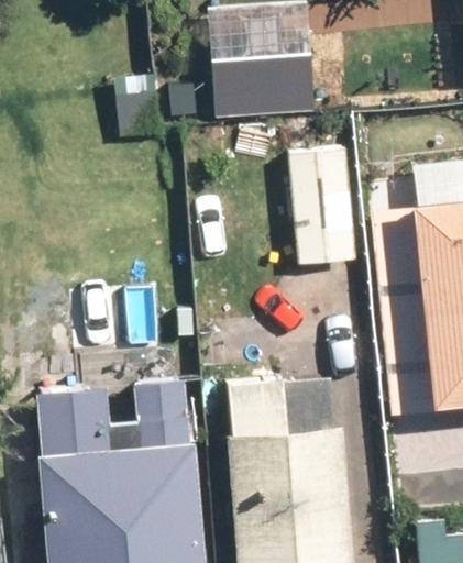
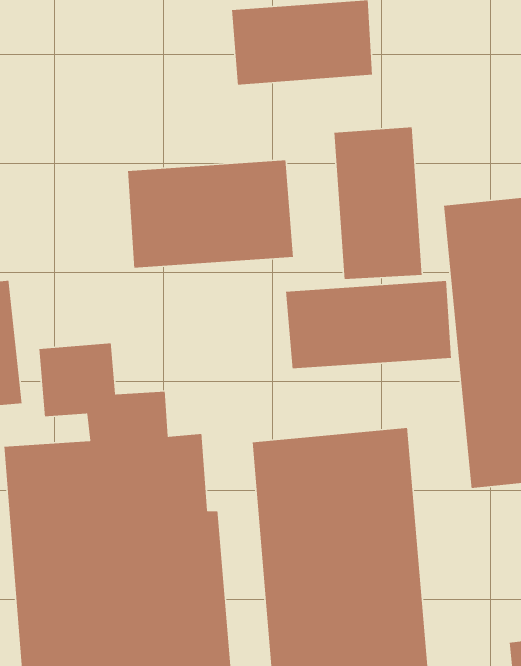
building: none -> [127,160,294,269]
building: none -> [285,280,452,369]

